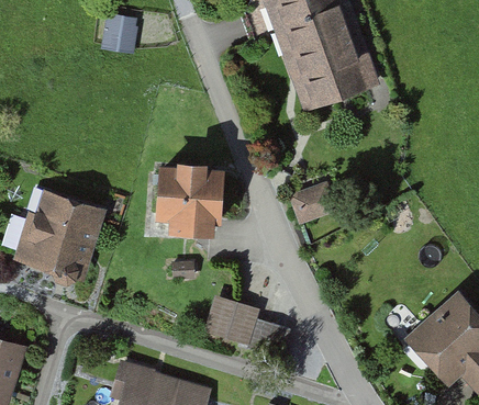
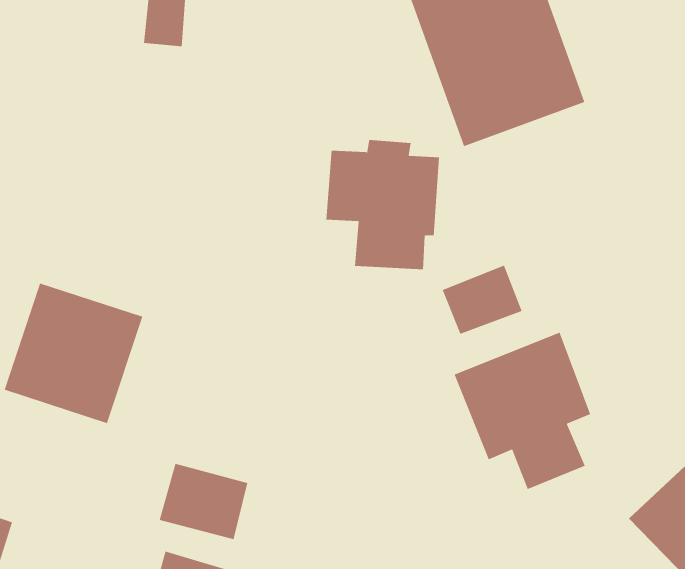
building: [155,160,225,240] -> [325,139,440,270]
building: none -> [454,332,591,490]
building: [203,297,258,345] -> [159,463,248,540]

